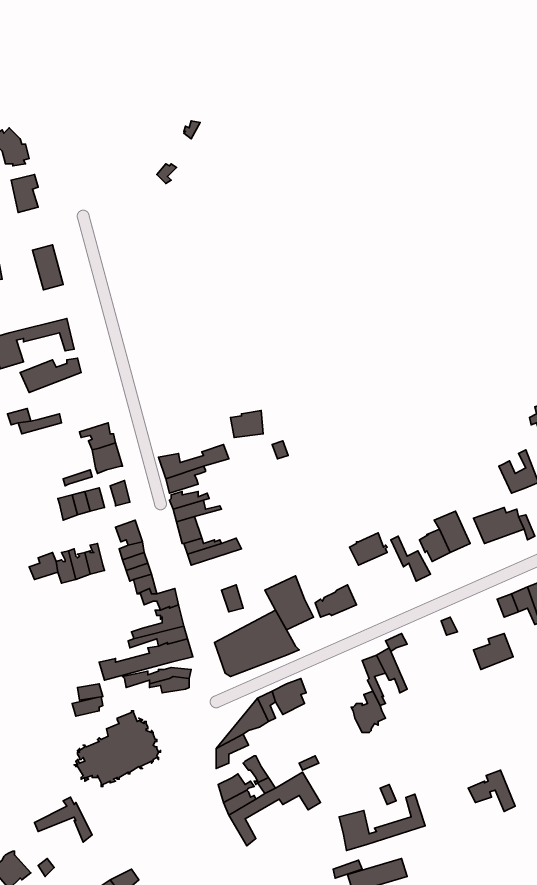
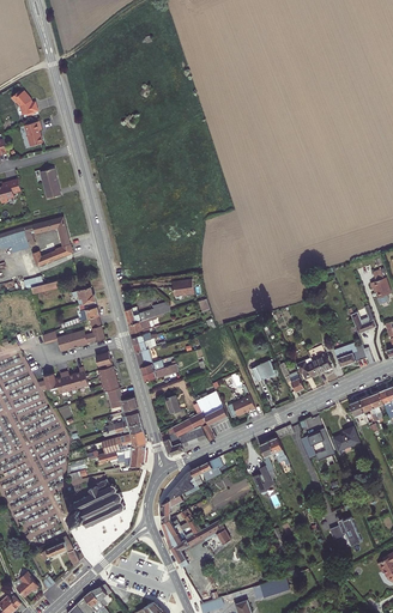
building: [339,794,425,850] -> none

